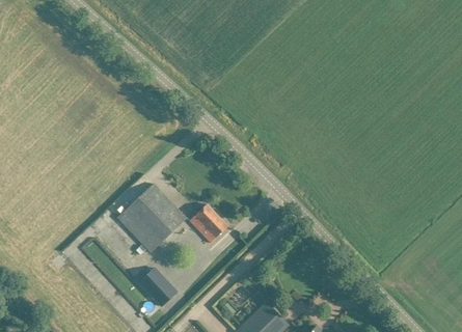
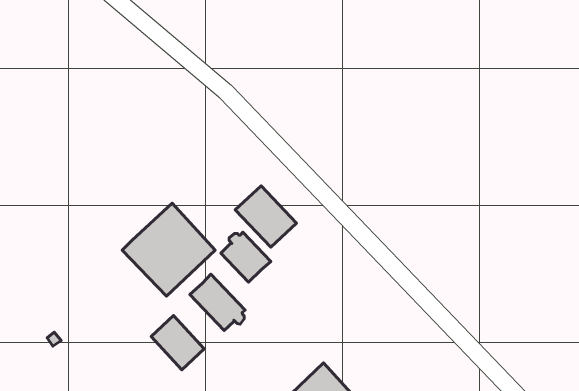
building: none -> [235,186,297,247]
building: none -> [190,274,245,330]

